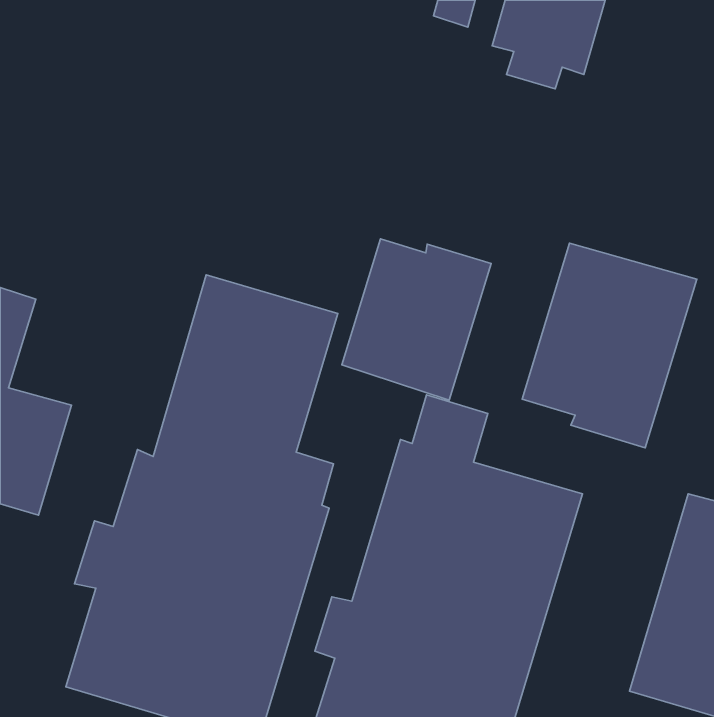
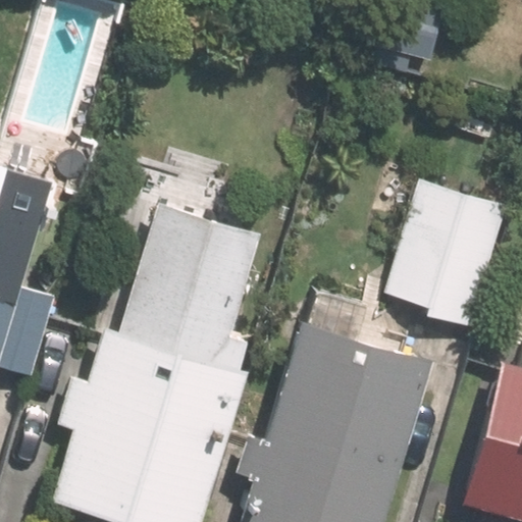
building: [342,239,491,400] -> none

